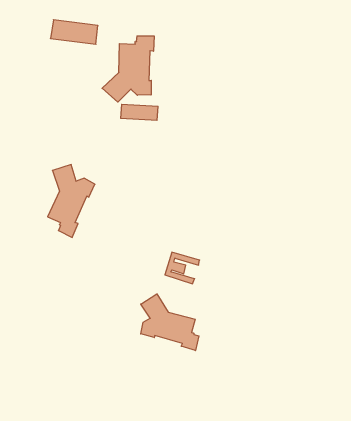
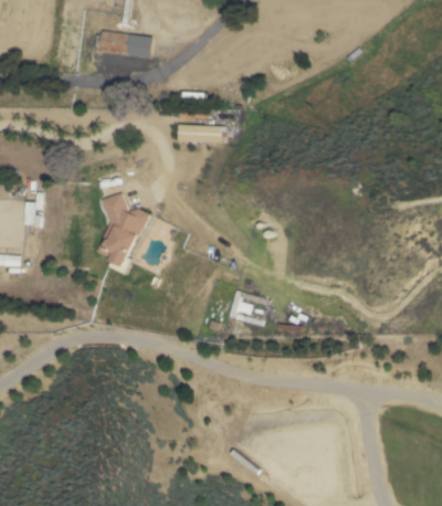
building: [102,36,154,102] -> none
building: [141,294,199,351] -> none

